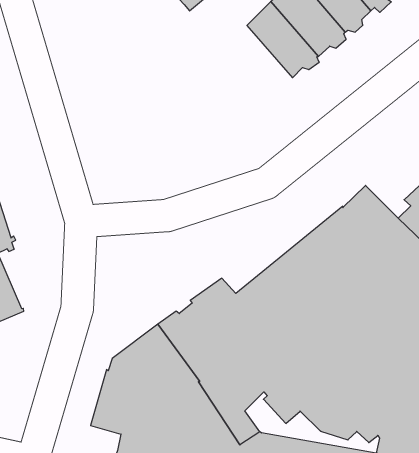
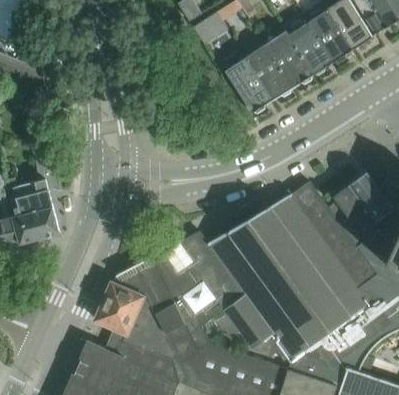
building: none -> [223,59,269,113]

